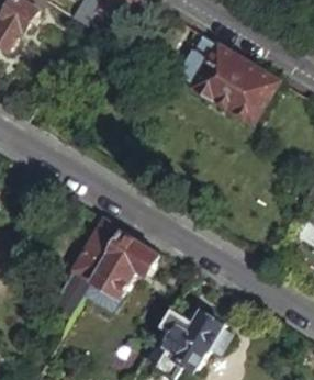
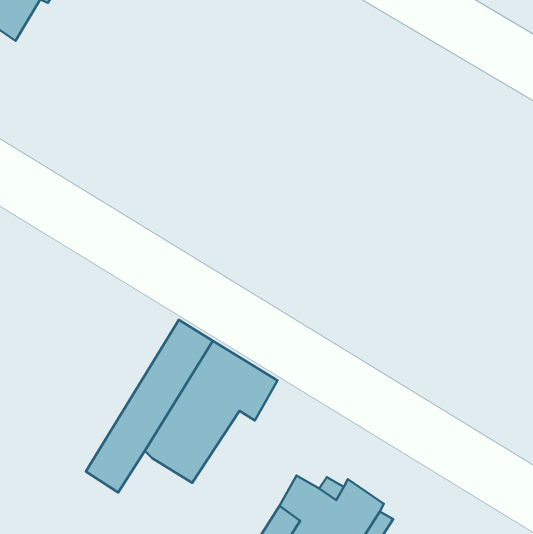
building: [193,45,279,123] -> none

